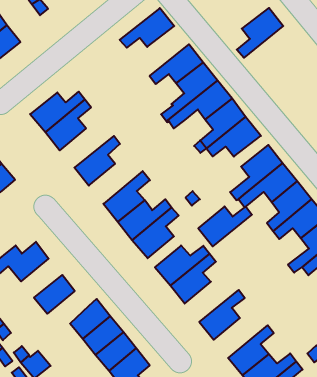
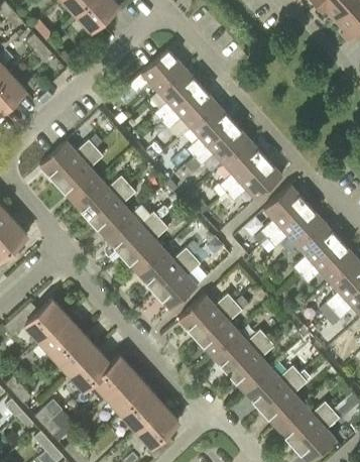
building: [237,8,283,58] -> [153,66,201,119]
building: none -> [72,176,127,219]
building: none -> [104,212,159,255]
building: [198,206,252,246] -> [211,330,266,373]
building: none -> [38,316,81,357]
building: none -> [68,348,110,390]
building: none -> [243,365,298,410]

